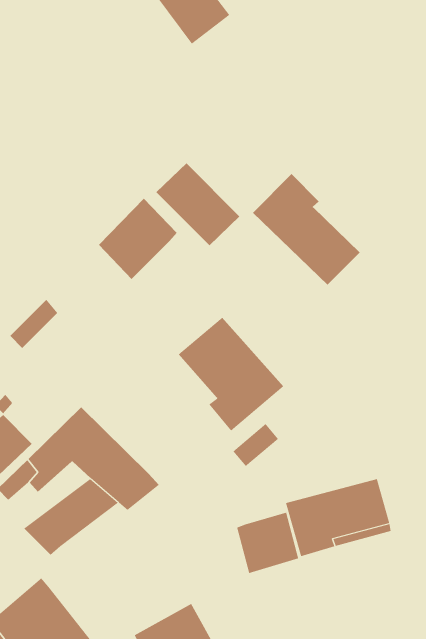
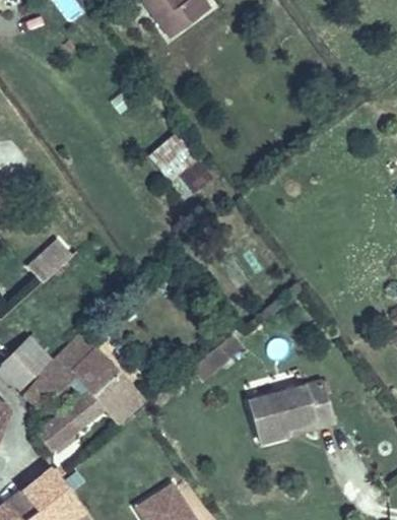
building: [252,173,361,286] -> none
building: [98,198,177,280] -> none
building: [178,317,284,432] -> none
building: [236,512,299,574] -> none

